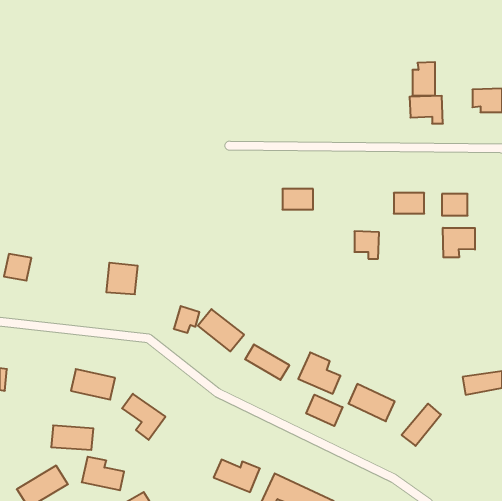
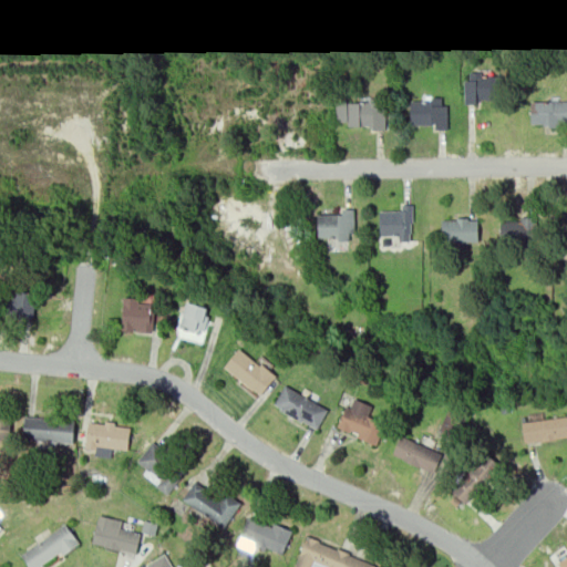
building: none -> [348,104,385,134]
building: [409,96,443,124] -> [411,100,449,131]
building: [443,228,475,257] -> none
building: [354,231,379,259] -> [382,212,410,243]
building: [174,306,199,333] -> [179,302,208,332]
building: [306,395,343,426] -> none
building: [51,425,93,450] -> [22,416,70,444]
building: none -> [181,483,239,528]

